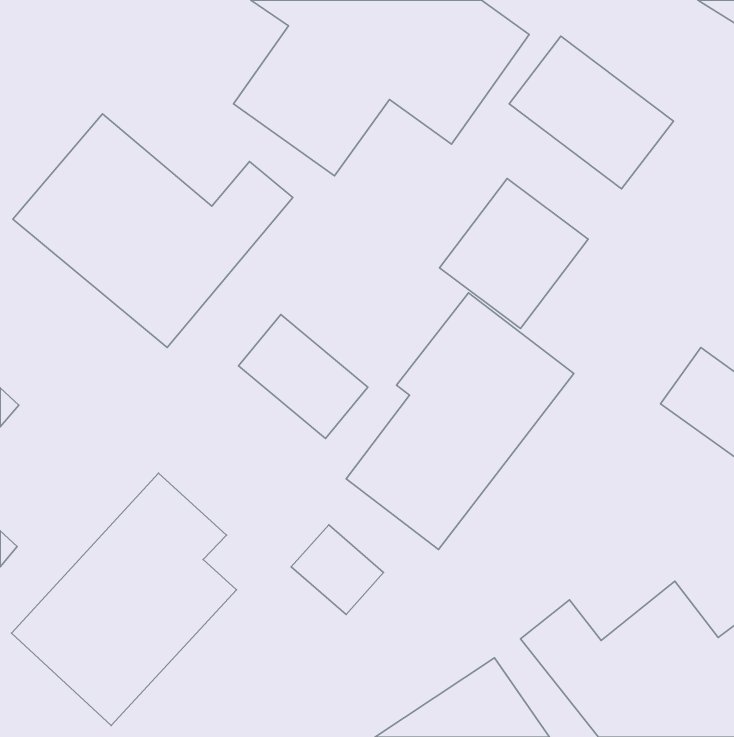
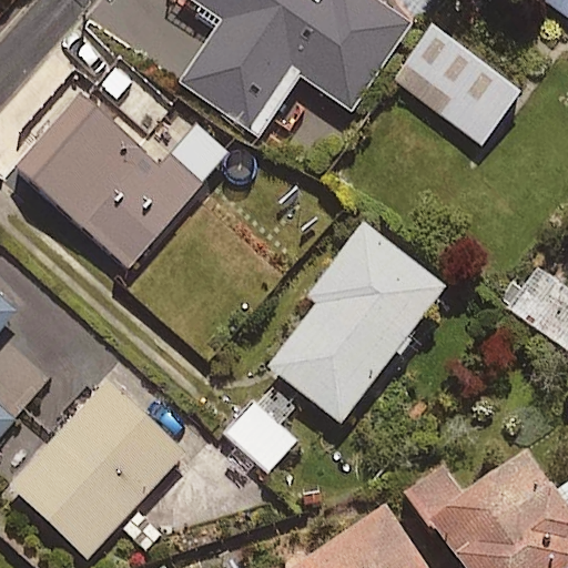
building: [440,178,588,328] -> none
building: [239,314,368,438] -> none

